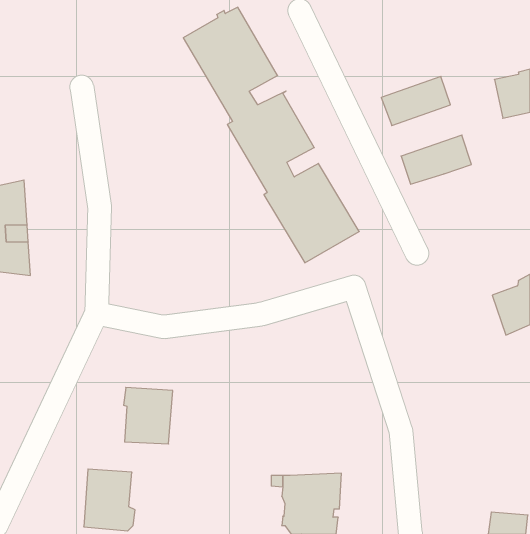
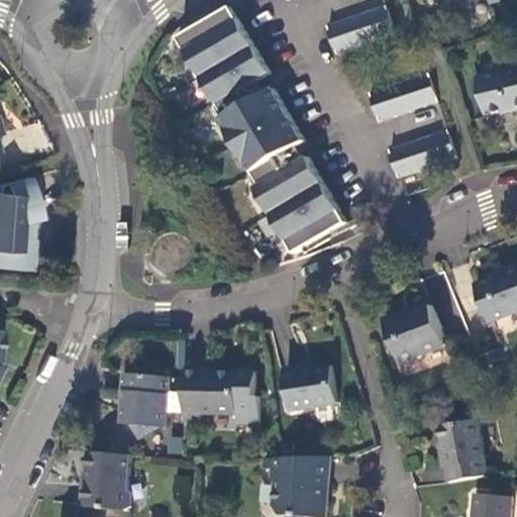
building: none -> [324,5,393,54]
building: none -> [385,306,444,364]
building: none -> [283,367,336,410]
building: none -> [181,370,257,423]
building: none -> [437,418,486,482]

